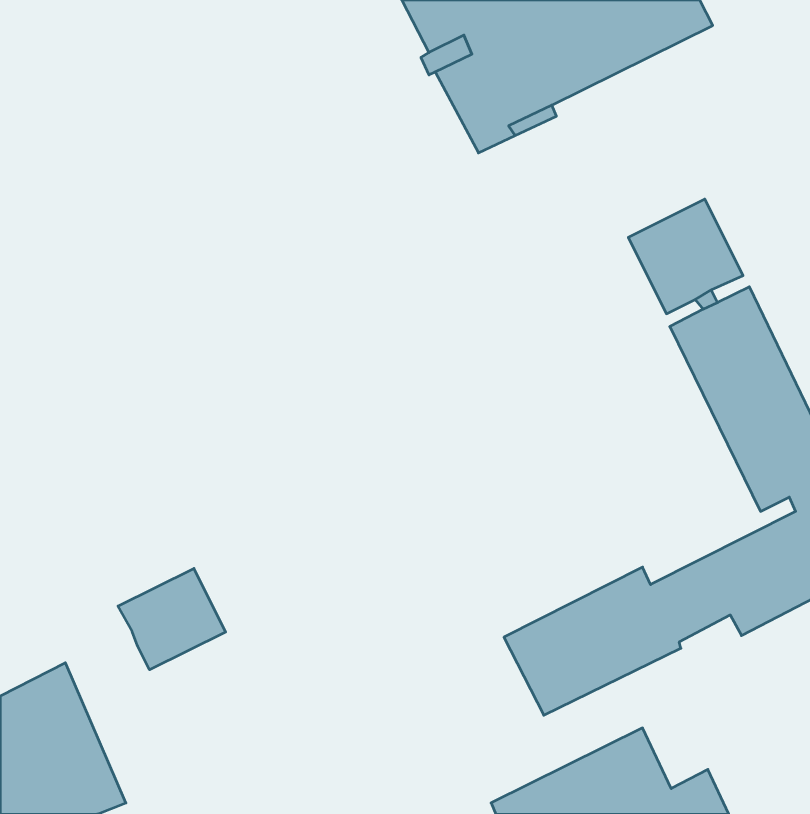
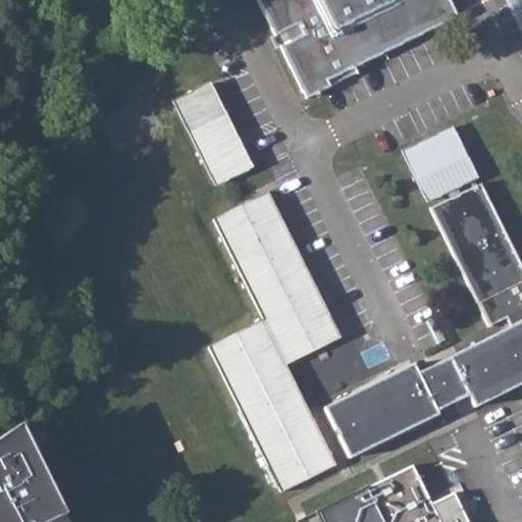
building: none -> [175,82,252,182]
building: none -> [209,192,342,492]
building: [118,568,226,670] -> none

